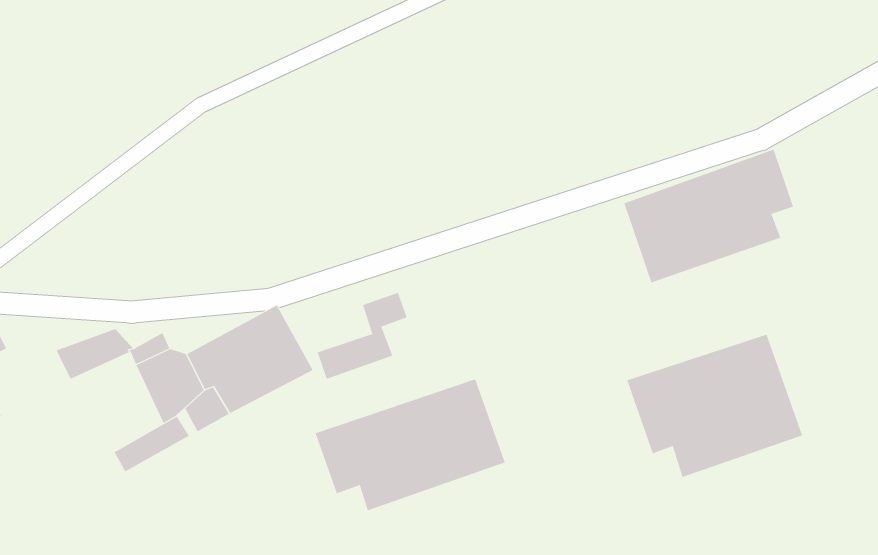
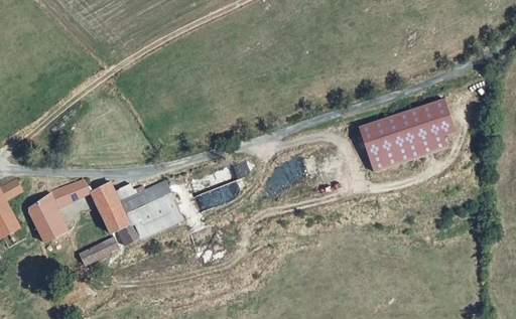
building: [627,334,803,478] -> none
building: none -> [27,200,75,250]
building: [315,379,505,511] -> none

